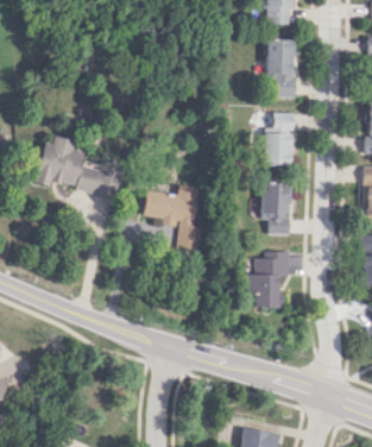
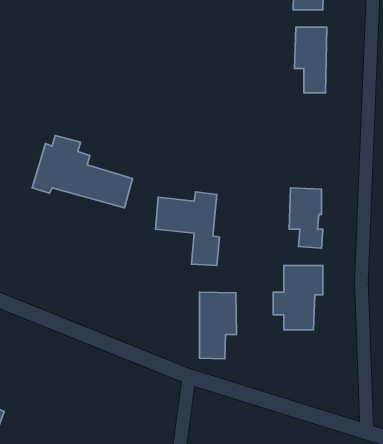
building: [264,113,294,165] -> none
building: none -> [199,292,237,359]

